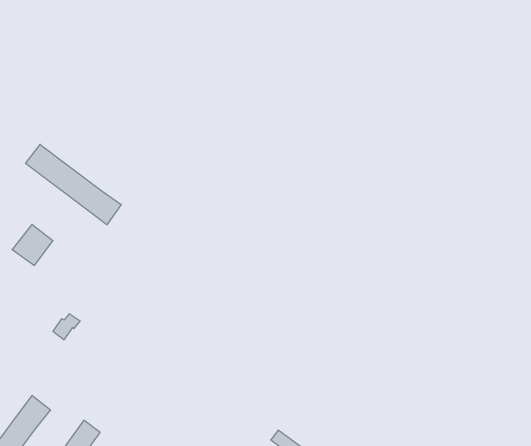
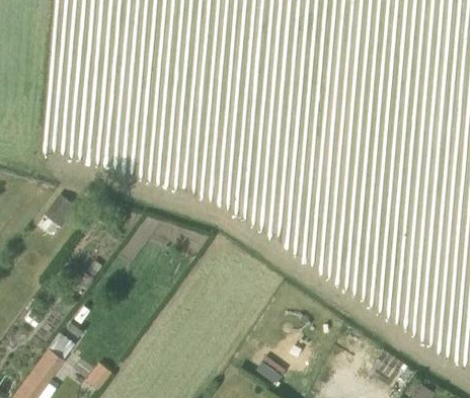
building: [26,144,121,225] -> none

